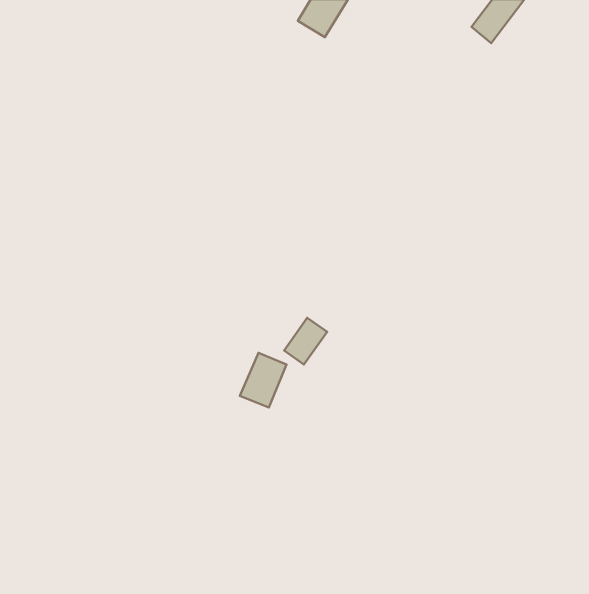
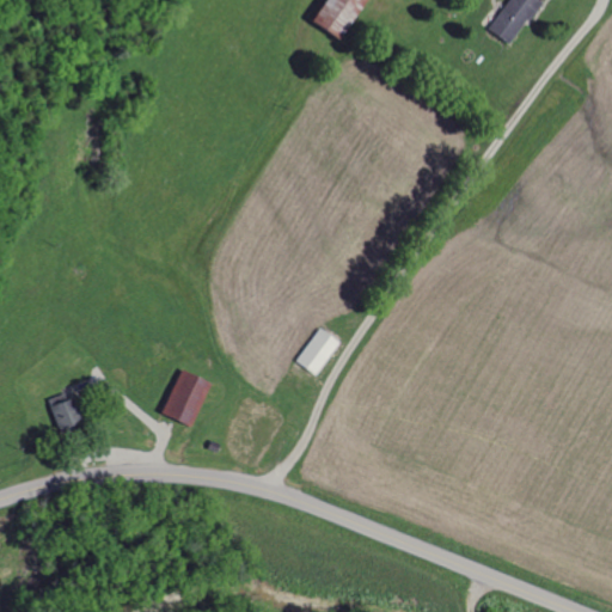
building: [240,353,286,408] -> [163,369,210,426]
building: none -> [51,397,84,429]

